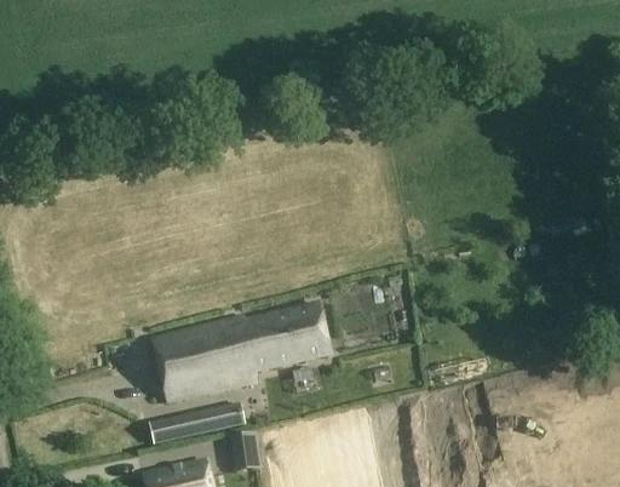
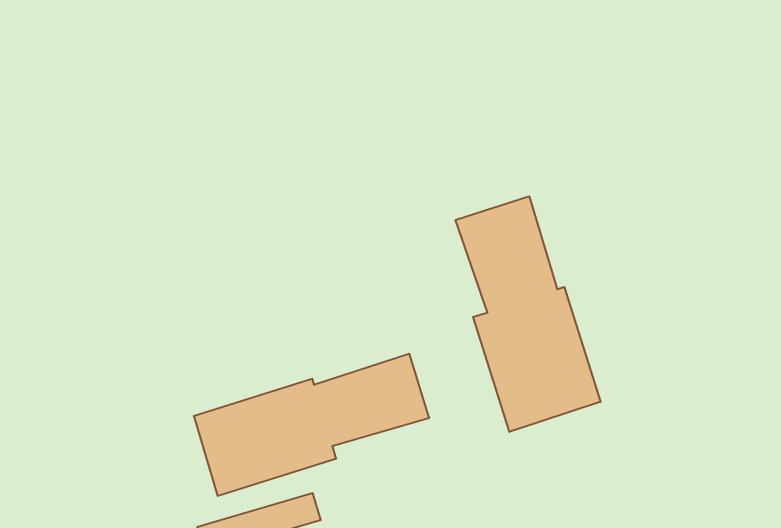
building: none -> [456,196,601,432]

